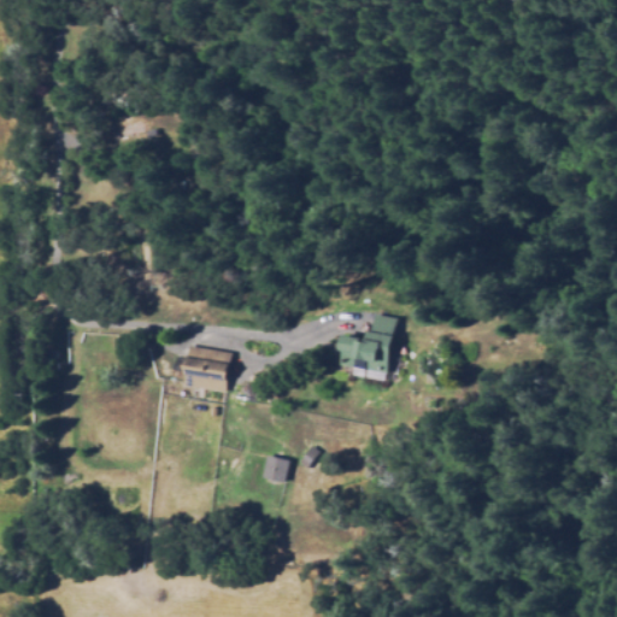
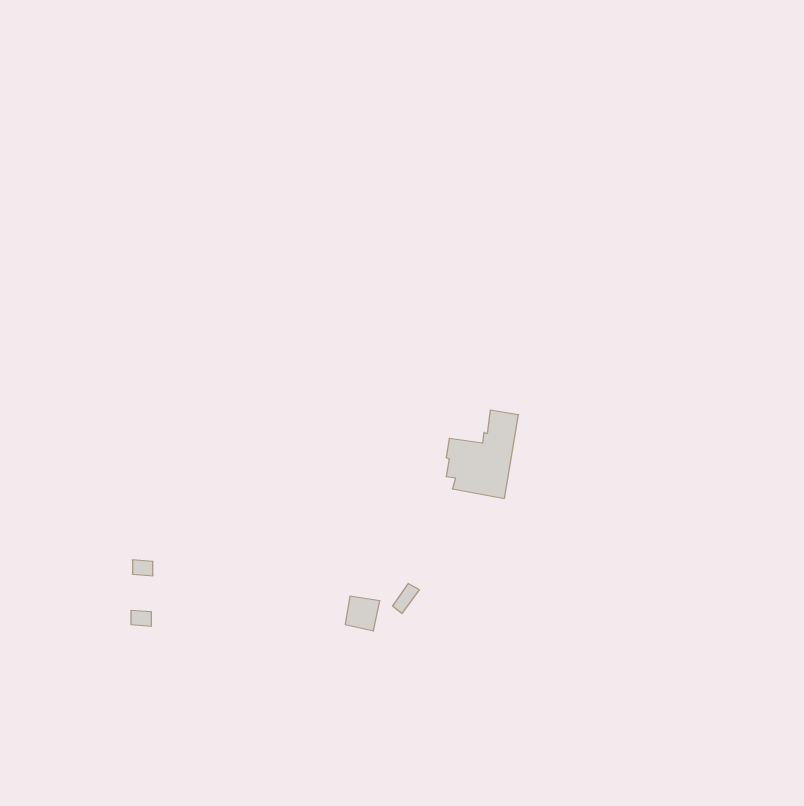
building: [180,345,235,393] -> none

